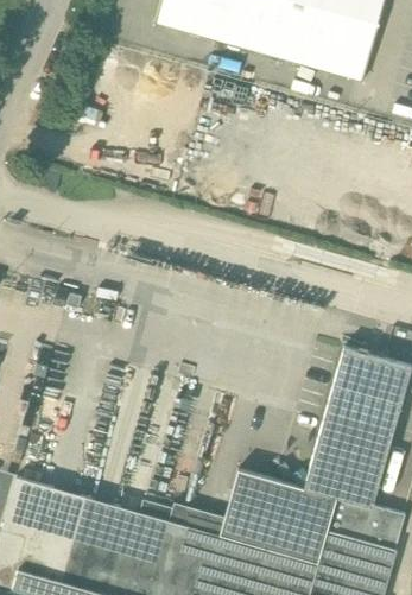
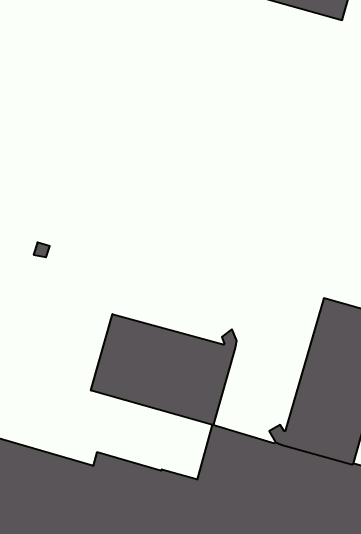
building: none -> [91,314,237,425]

